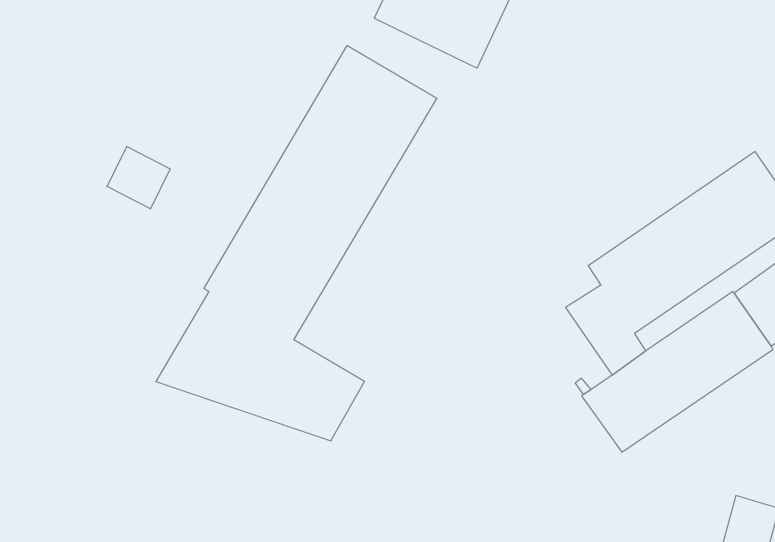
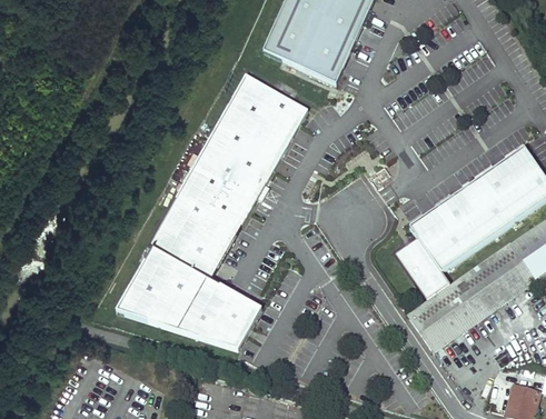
building: [107,146,170,209] -> none

